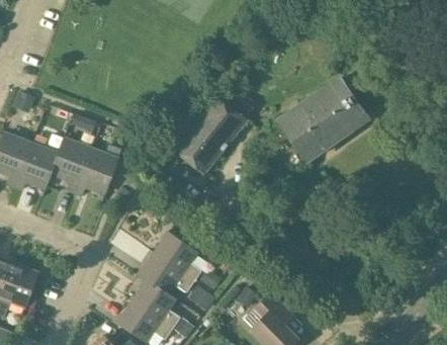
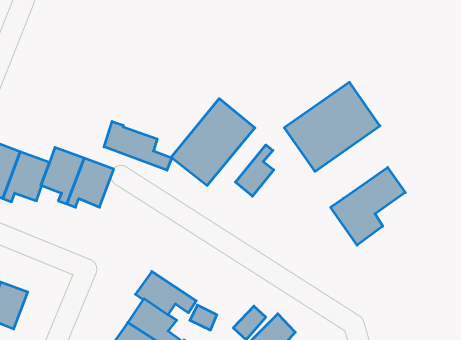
building: none -> [104,121,172,170]
building: none -> [235,145,274,196]
building: none -> [331,167,405,245]
building: [153,232,202,281] -> none

